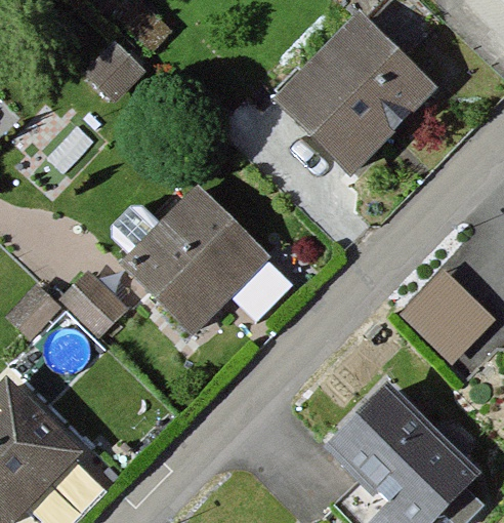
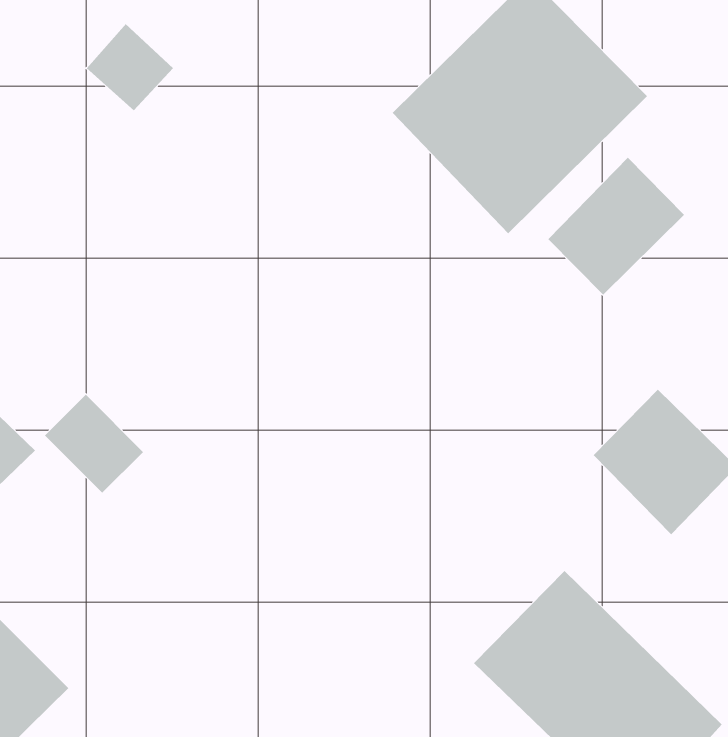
building: none -> [548,157,685,296]
building: [123,186,270,333] -> none

